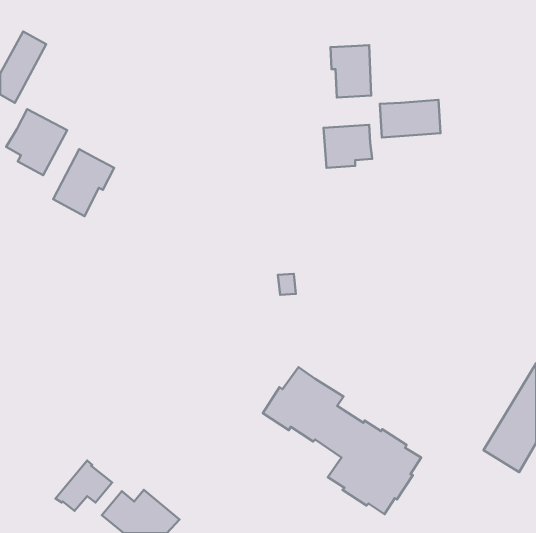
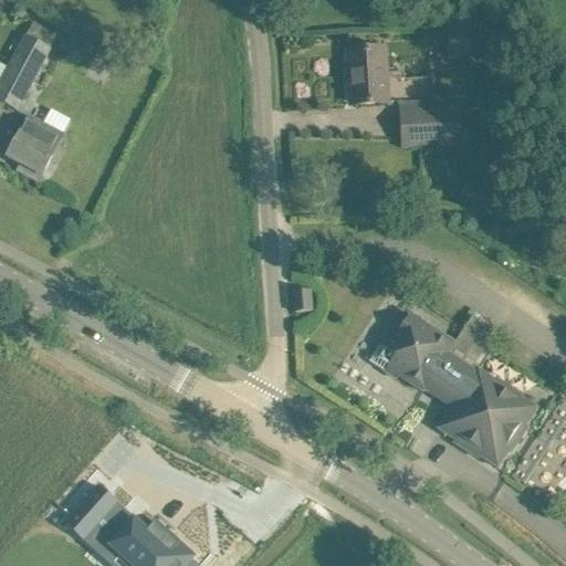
building: [324,125,372,168] -> none
building: [53,149,114,216] -> none
building: [263,367,421,514] -> [369,311,536,465]

